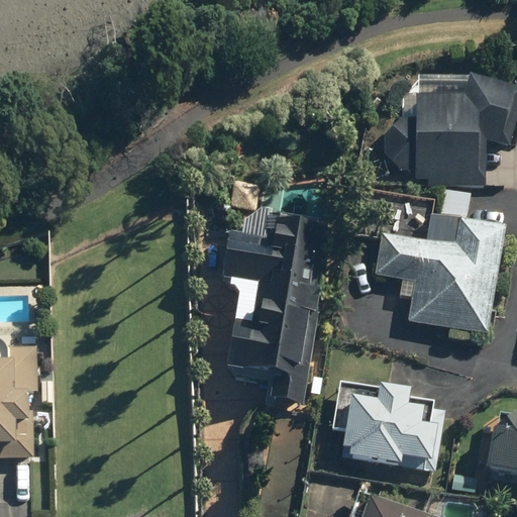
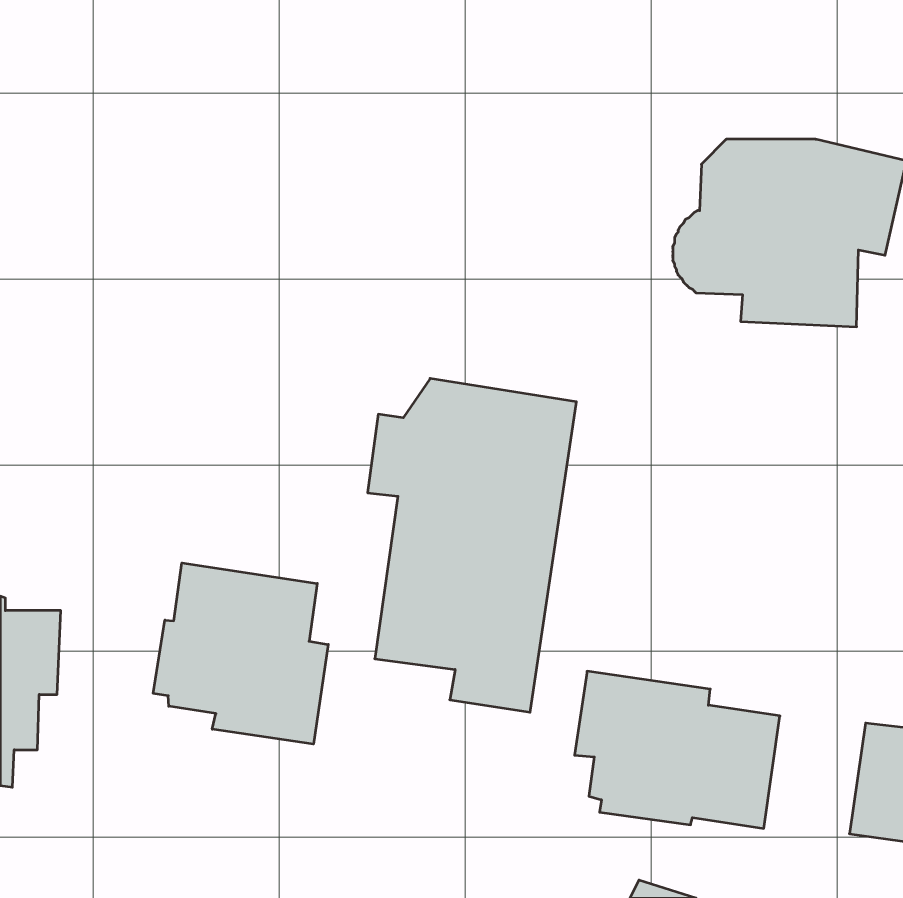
building: [375,215,507,334] -> none
building: none -> [153,563,328,744]

